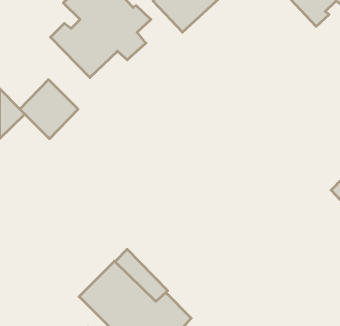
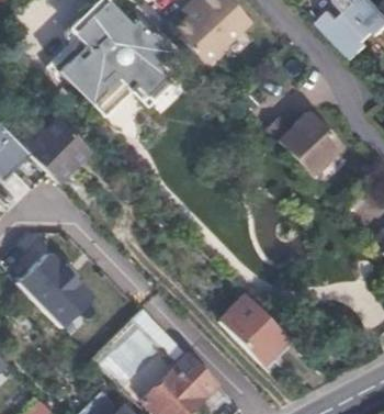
building: none -> [266,110,342,176]
building: none -> [13,248,93,328]
building: none -> [218,294,287,363]

